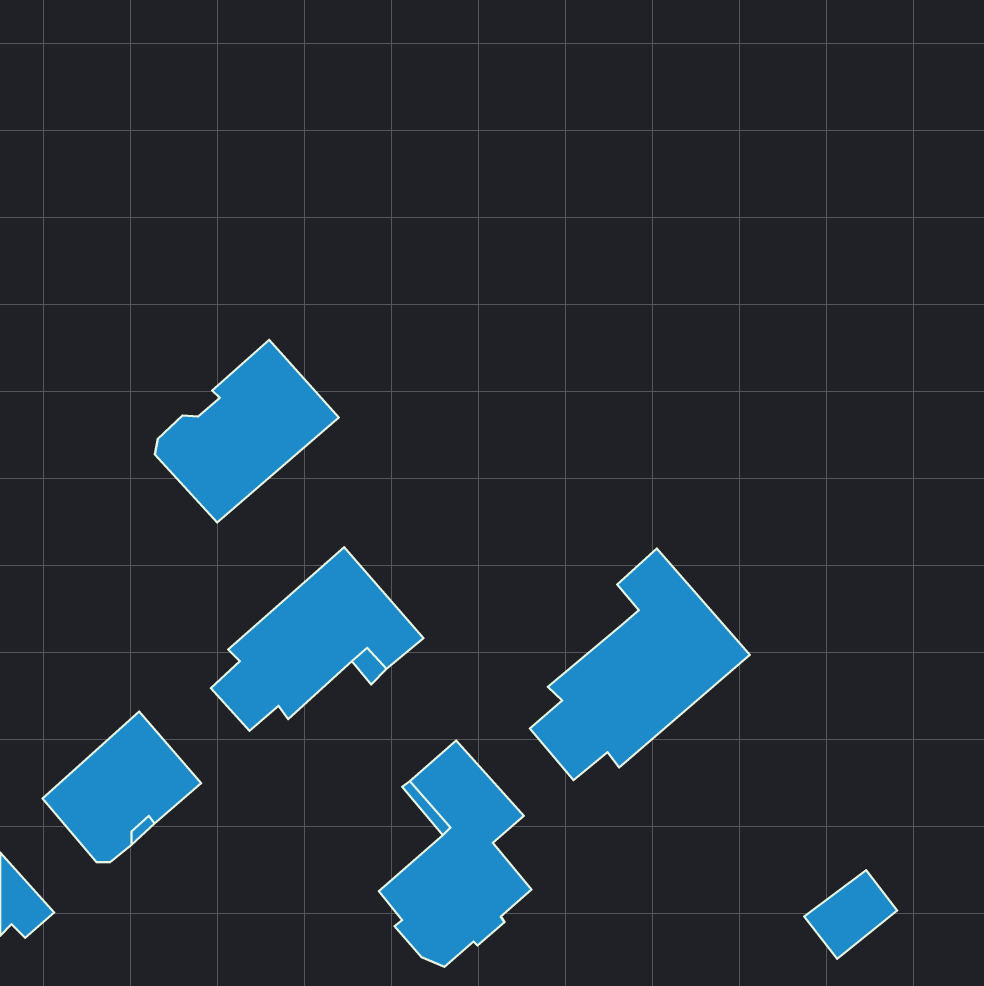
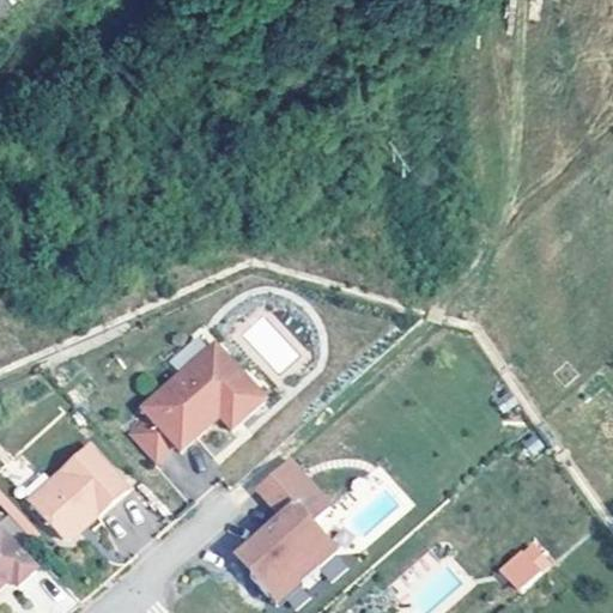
building: [155,340,339,522] -> none
building: [530,548,750,780] -> none

